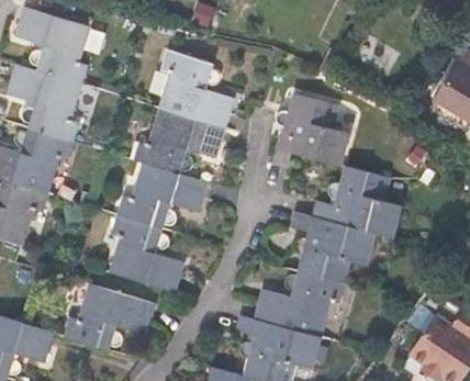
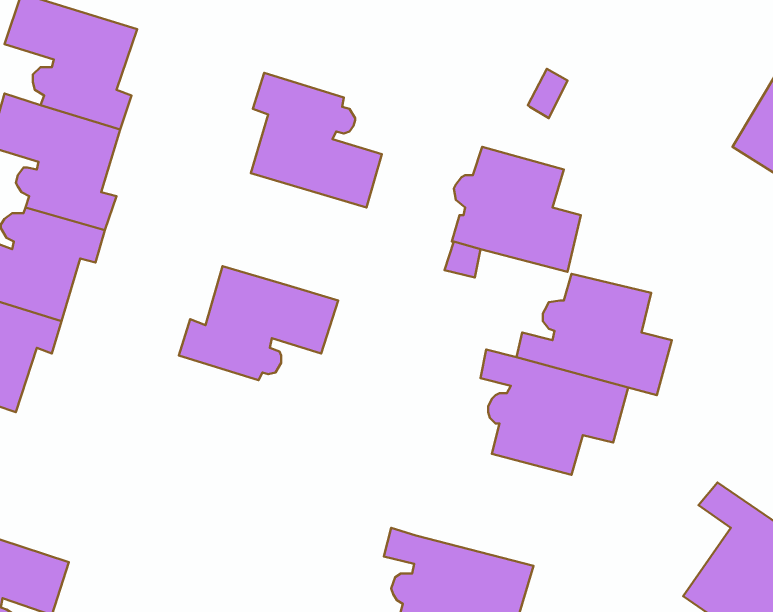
building: [133,109,225,173] -> none
building: [108,214,184,293] -> none
building: [254,271,344,336] -> none
building: [63,284,154,350] -> none

